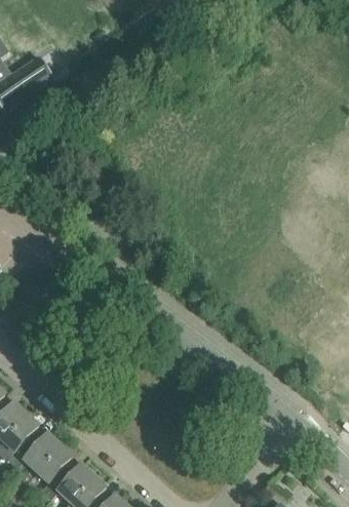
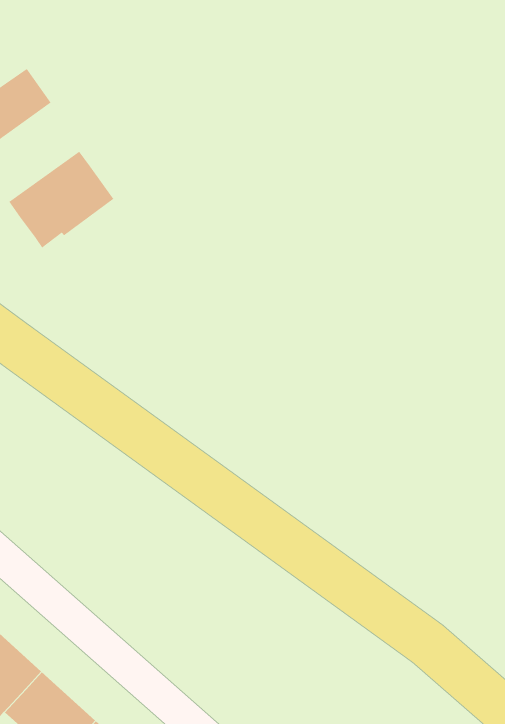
building: none -> [8,151,114,249]

